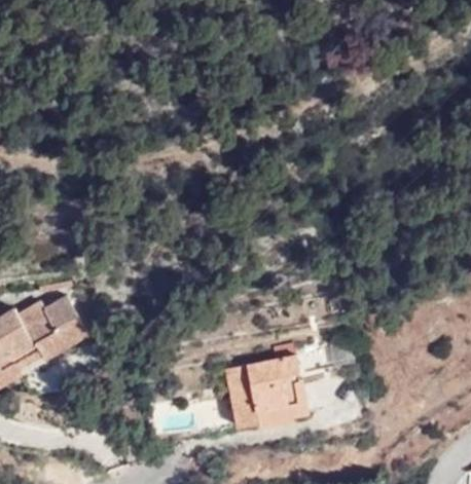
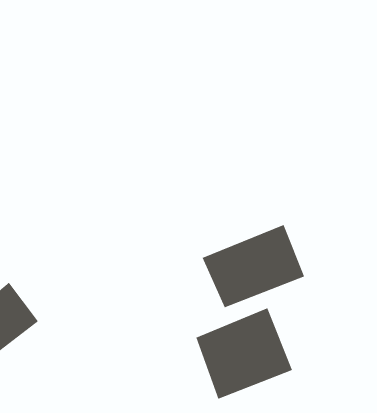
building: none -> [202,224,305,308]

